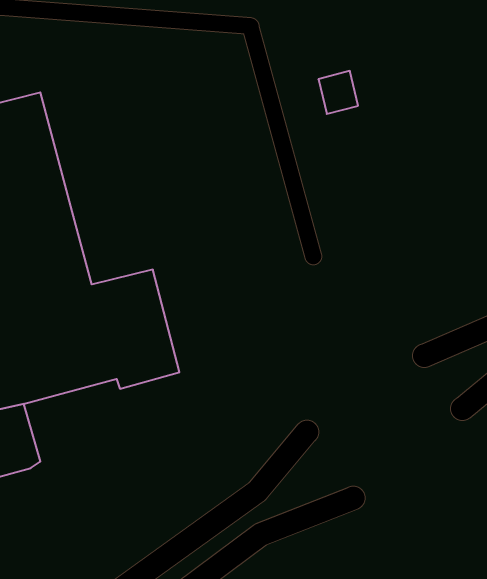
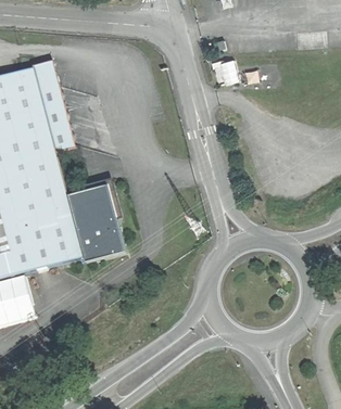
building: none -> [33,62,75,149]

